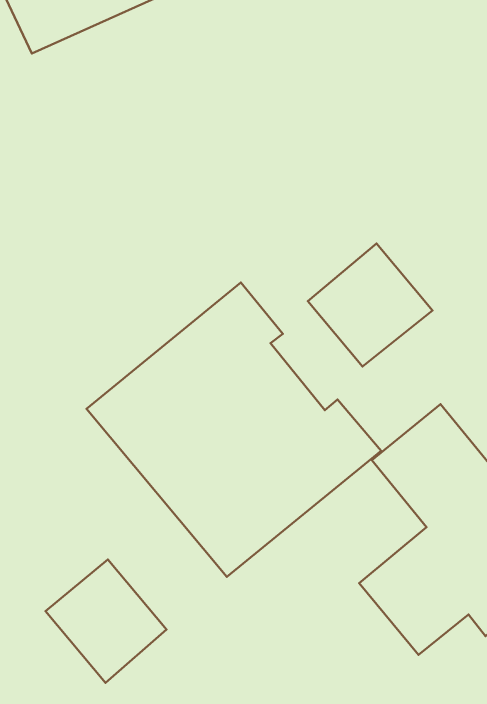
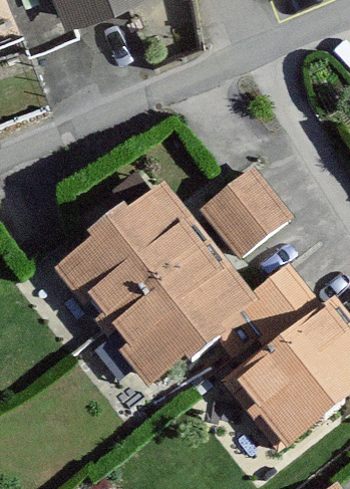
building: [46,559,166,683] -> none

